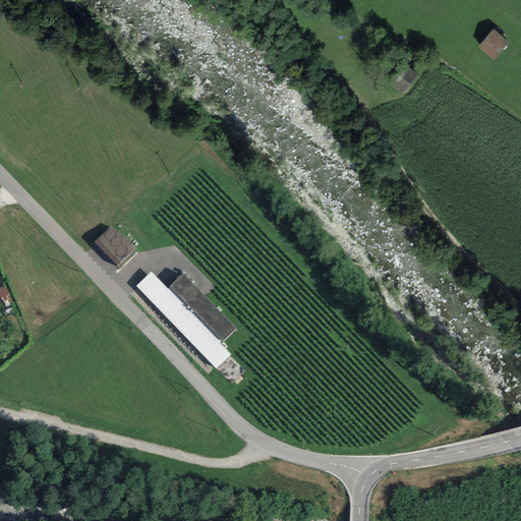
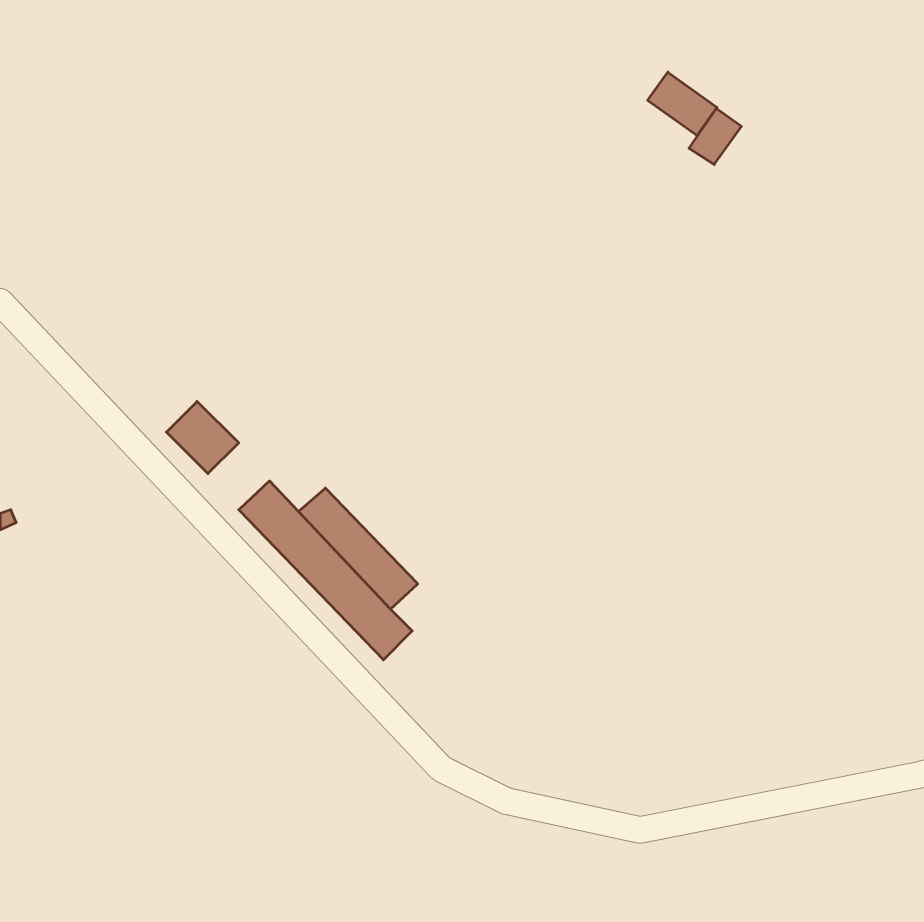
building: [478,26,510,58] -> none
building: none -> [648,72,717,136]

